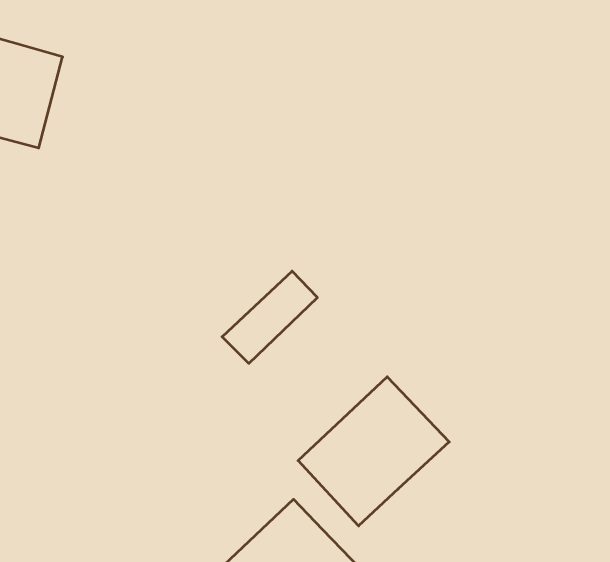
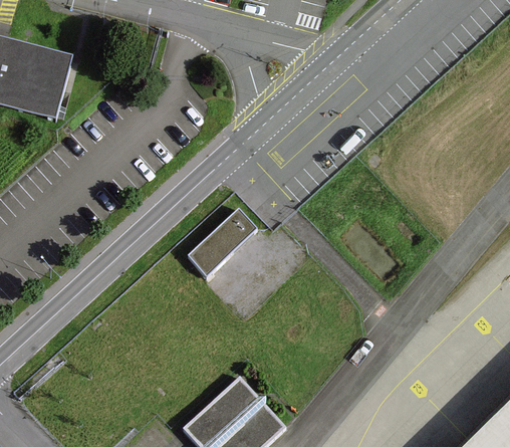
building: [298,377,449,526] -> none

